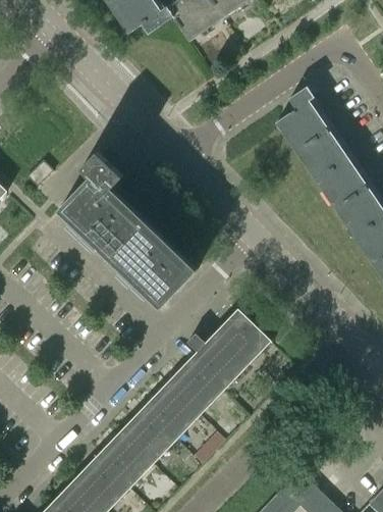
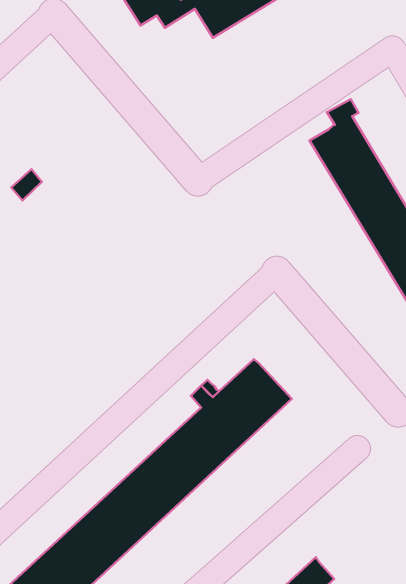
building: [59,151,197,307] -> none

